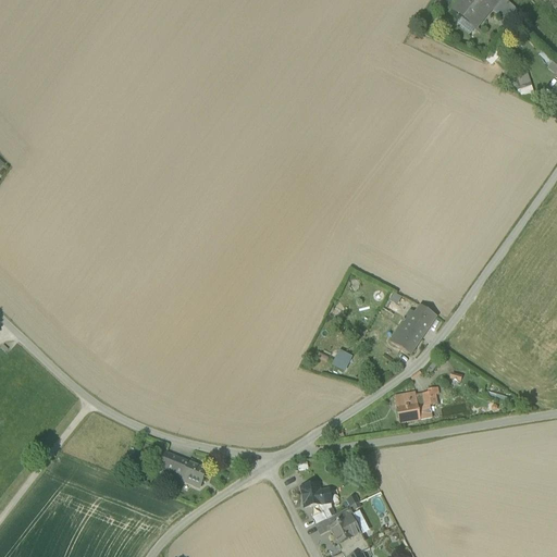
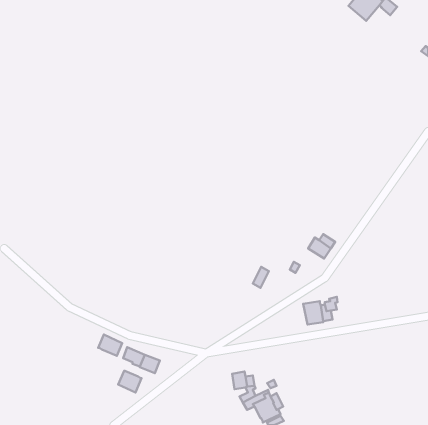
building: [389,323,421,352] -> none
building: none -> [98,334,122,356]
building: none -> [118,371,141,393]

